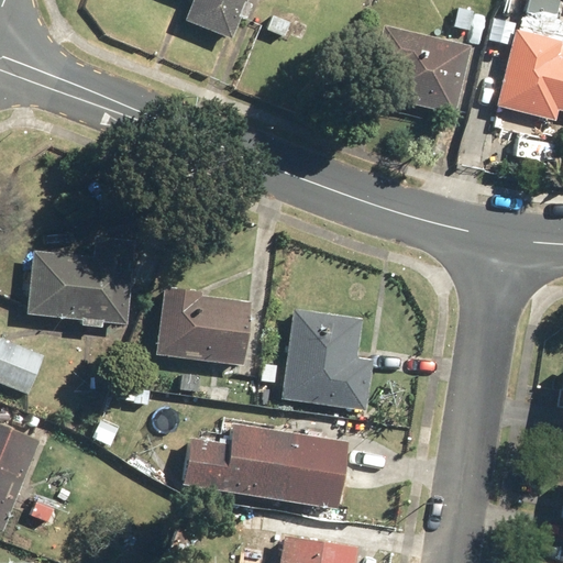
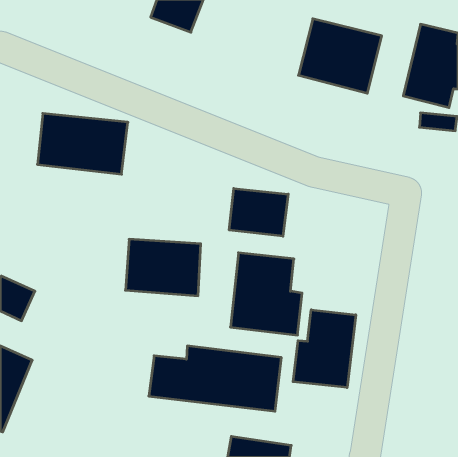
building: none -> [229,188,288,236]
building: [26,250,137,324] -> [37,113,128,174]
building: none -> [293,310,356,388]

